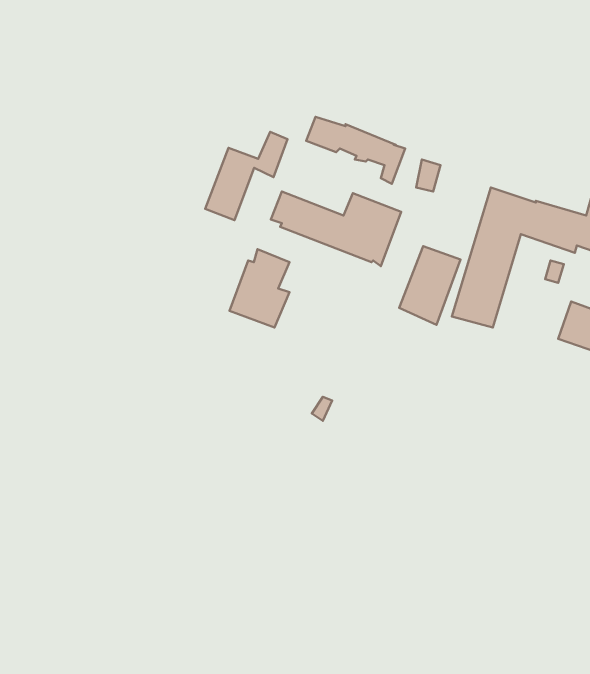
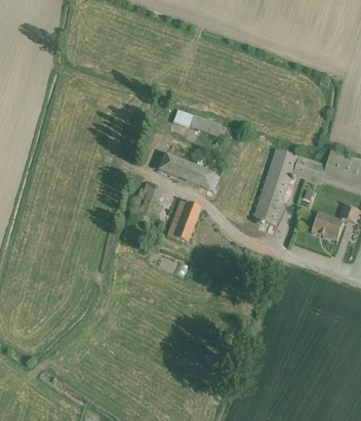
building: [205,132,287,220] -> none
building: [399,246,461,325] -> [167,199,201,242]

